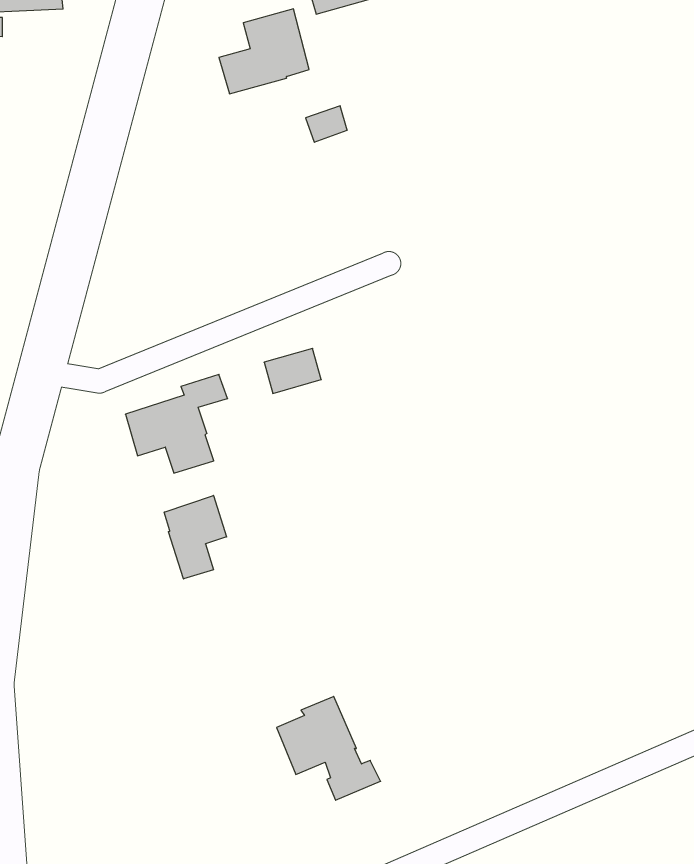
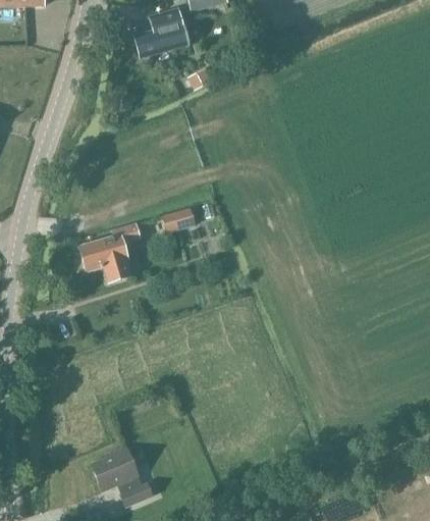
building: [164,495,227,579] -> none
building: [277,696,381,800] -> [91,444,152,505]

